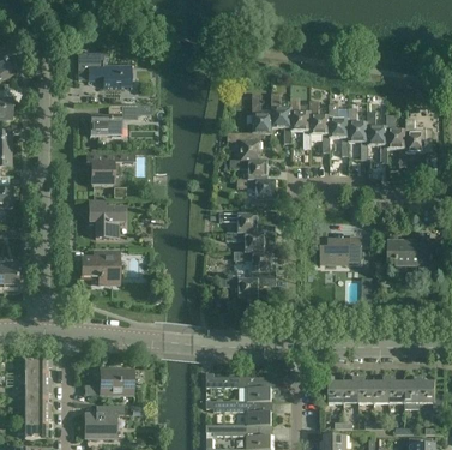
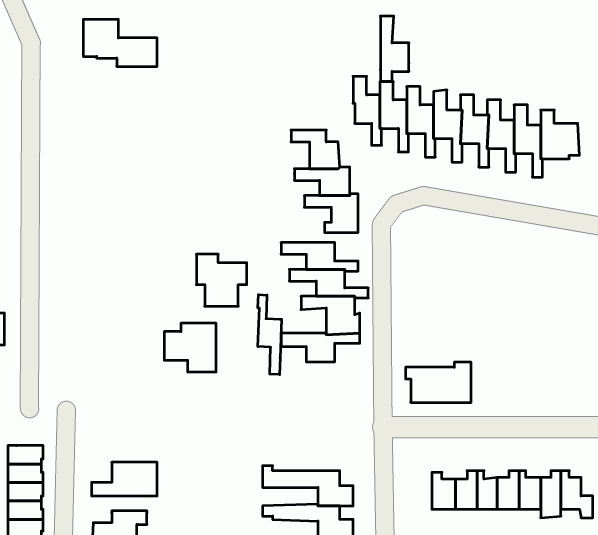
building: [252,94,272,140] -> [380,16,409,82]
building: [90,104,137,136] -> none
building: [86,152,134,186] -> none
building: [89,200,125,238] -> [196,254,247,306]
building: [315,235,362,264] -> [406,362,471,402]
building: [387,240,432,270] -> none
building: [82,250,119,284] -> [164,323,216,372]
building: none -> [258,295,282,375]

